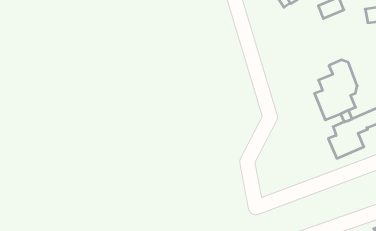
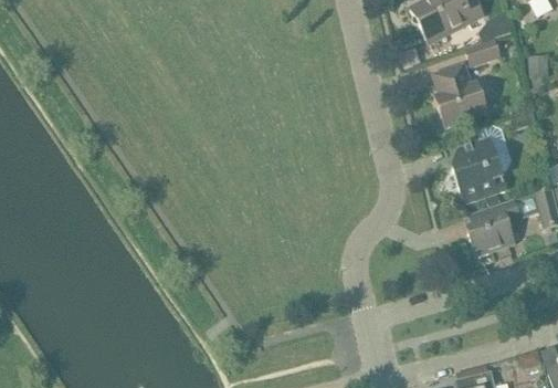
building: none -> [433,63,487,126]

